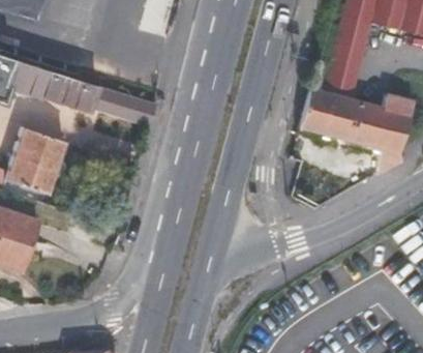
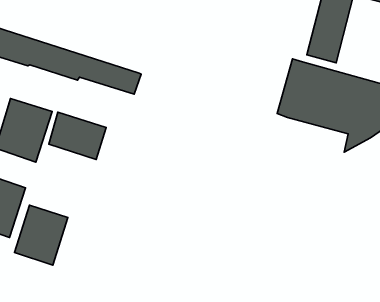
building: none -> [49,112,106,160]
building: none -> [15,205,68,265]

